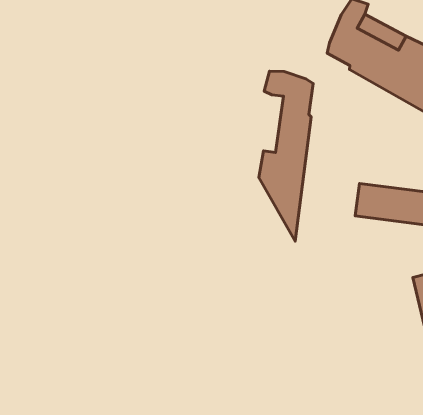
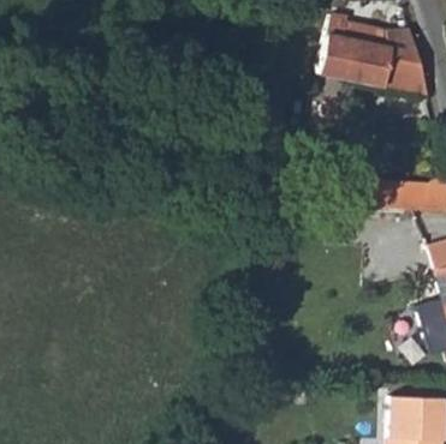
building: [259,71,313,241] -> none

